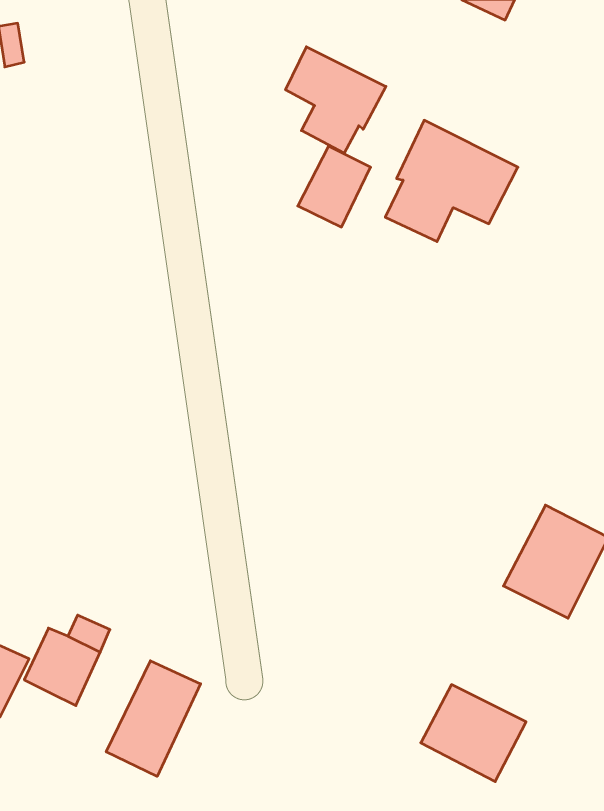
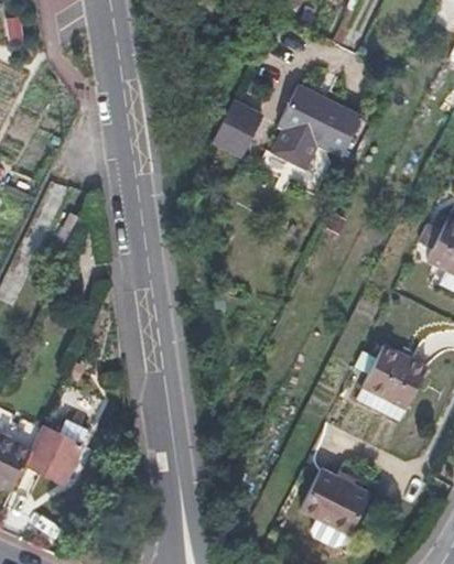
building: [286,47,386,153] -> none
building: [106,661,201,776] -> none

